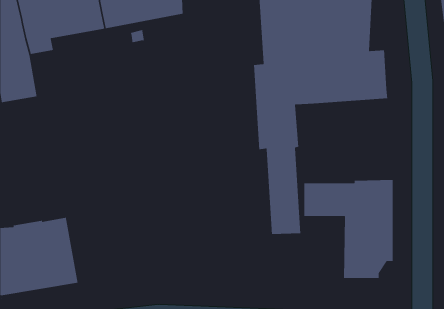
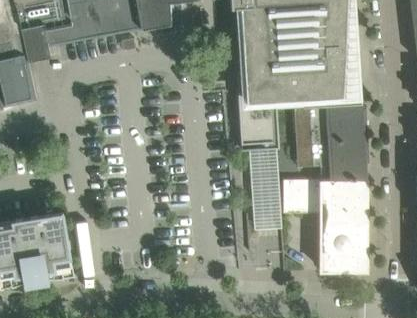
building: none -> [294,102,369,178]

